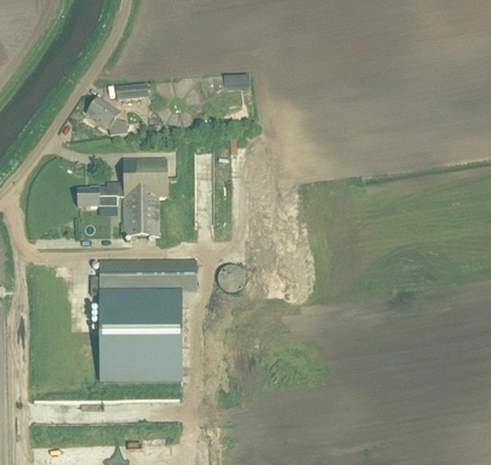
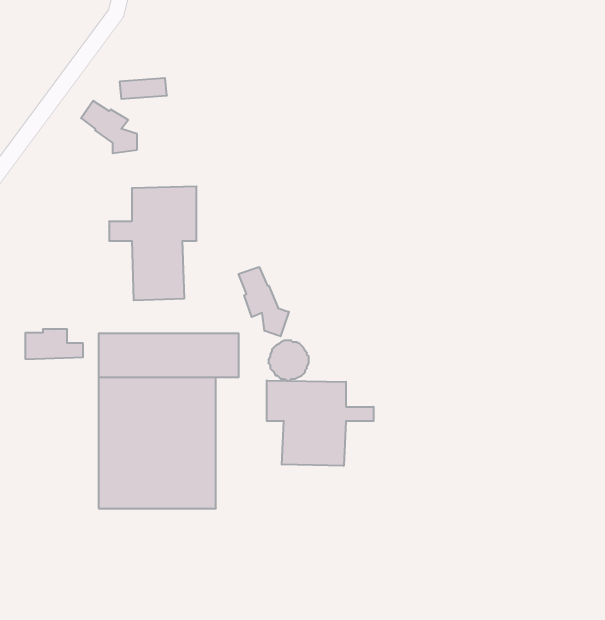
building: [78,186,118,206] -> [25,329,83,359]
building: none -> [239,267,289,336]
building: none -> [267,380,374,466]

